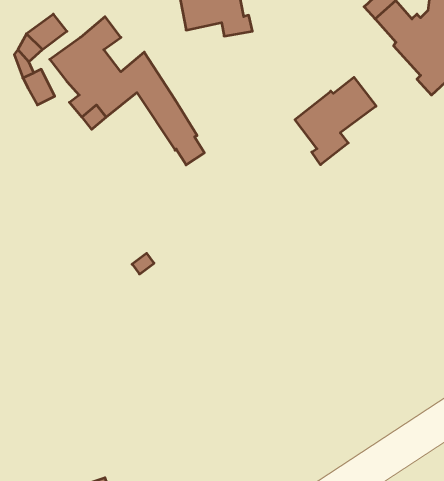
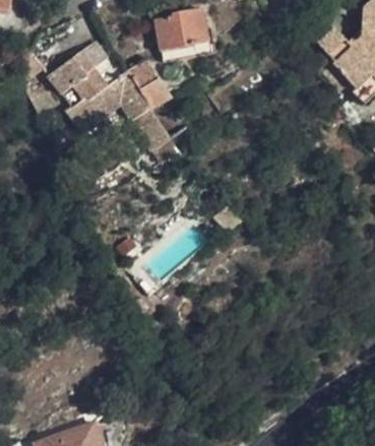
building: none -> [126,58,172,110]
building: [295,77,376,165] -> none

